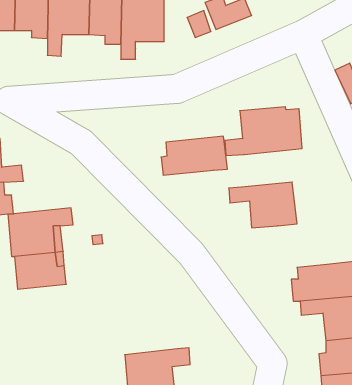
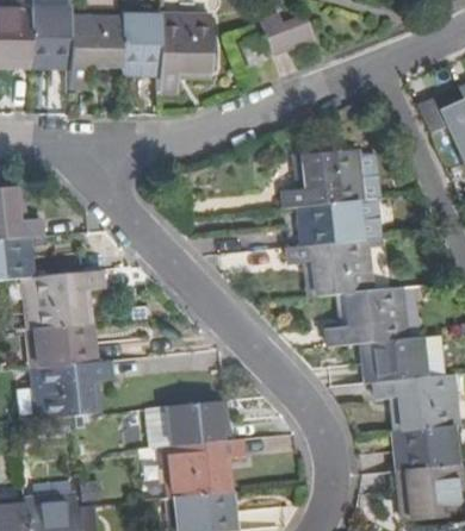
building: [161,136,227,175] -> [303,199,383,245]
building: none -> [329,287,408,345]
building: none -> [32,361,111,419]
building: none -> [147,400,228,448]

